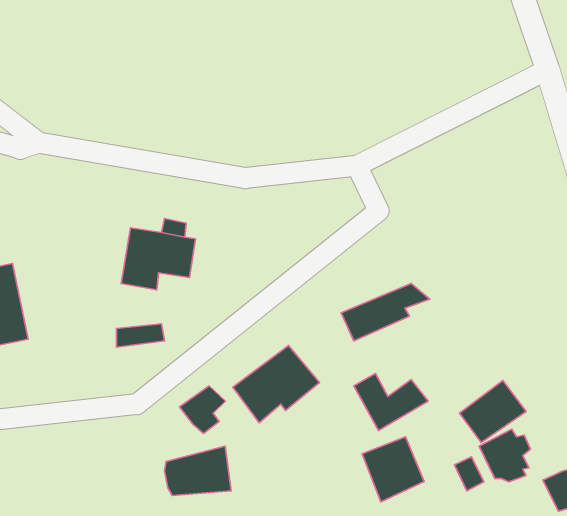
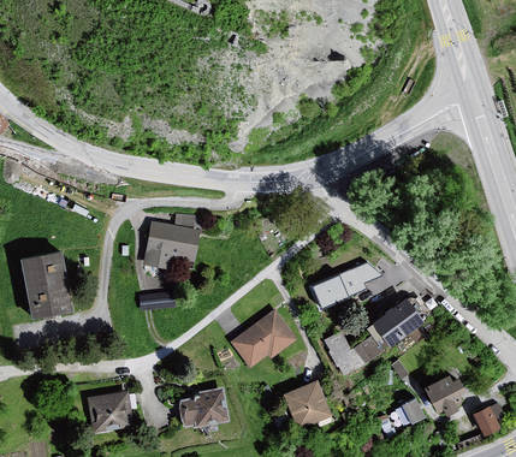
building: [459,381,526,443] -> [369,299,421,348]
building: [180,386,225,433] -> none
building: [362,437,424,502] -> [283,382,331,433]
building: none -> [85,393,131,438]

